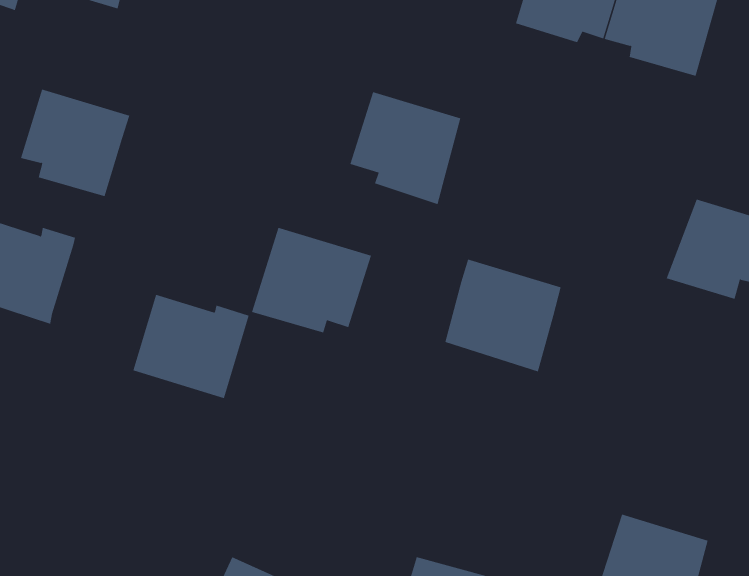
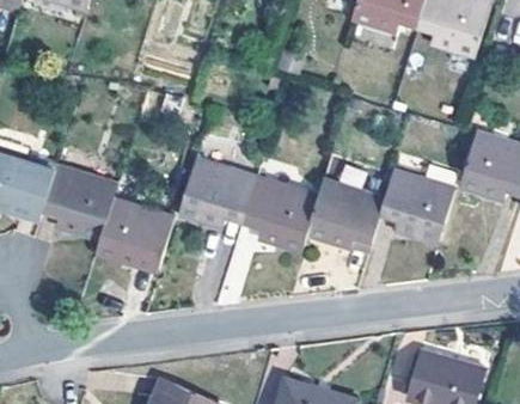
building: [20,89,130,197] -> [42,167,116,240]
building: [349,91,461,205] -> [241,175,317,251]
building: none -> [380,169,453,240]

